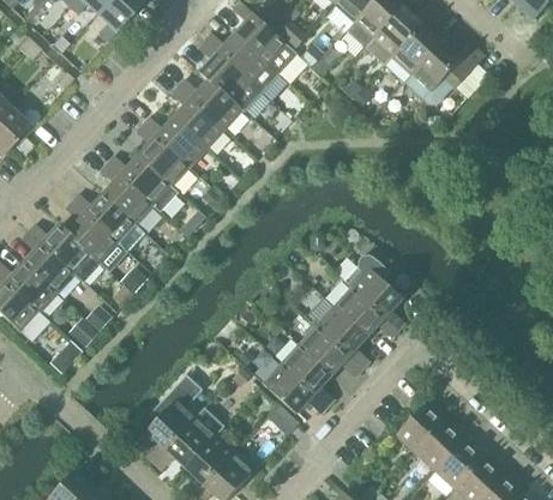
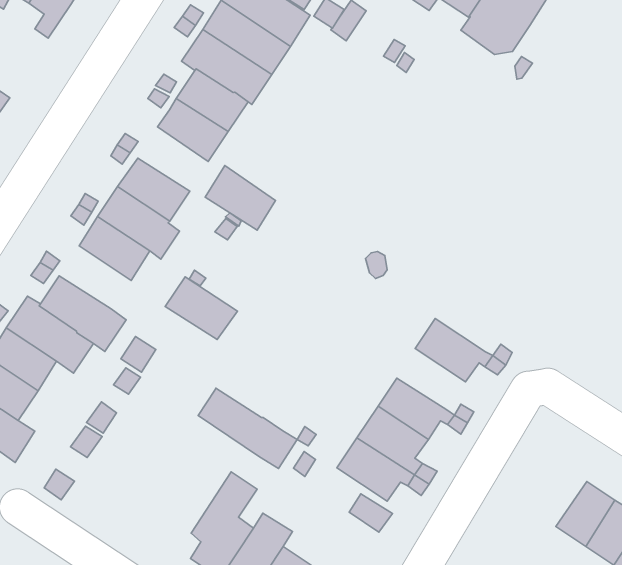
building: [157,115,208,165] -> [205,166,276,230]
building: [86,192,138,241] -> [165,277,238,340]
building: [344,253,403,317] -> none
building: [318,306,367,354] -> none
building: none -> [198,388,297,468]
building: [396,404,443,451] -> none

